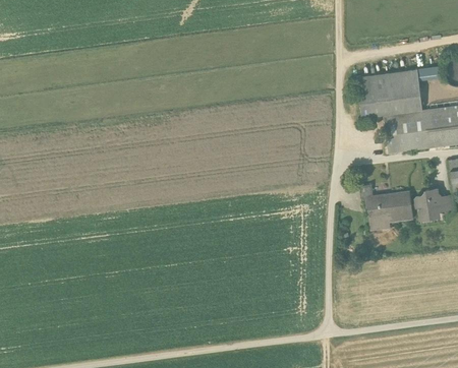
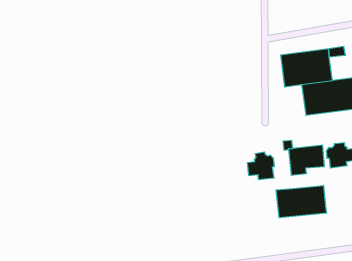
building: none -> [248,152,274,180]
building: none -> [276,185,326,218]

